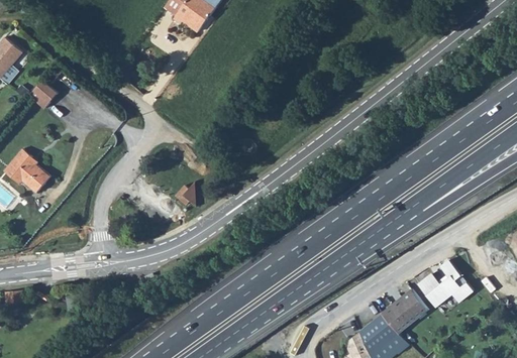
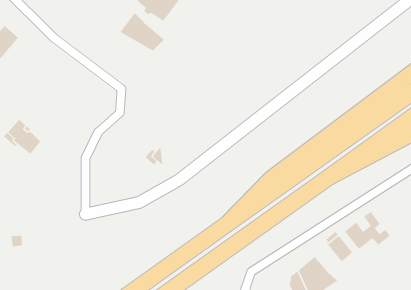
building: none -> [119,12,165,51]
building: [29,80,58,108] -> none
building: [381,297,413,334] -> none

